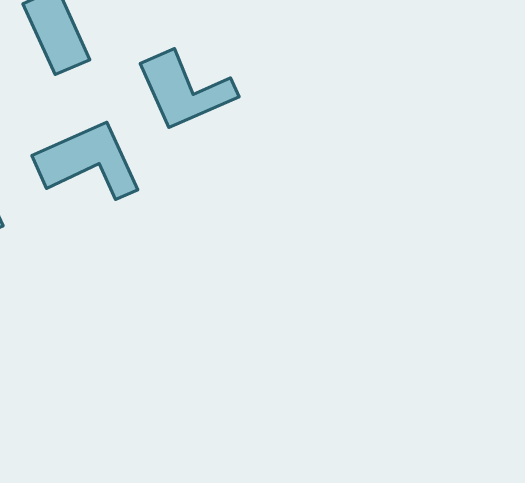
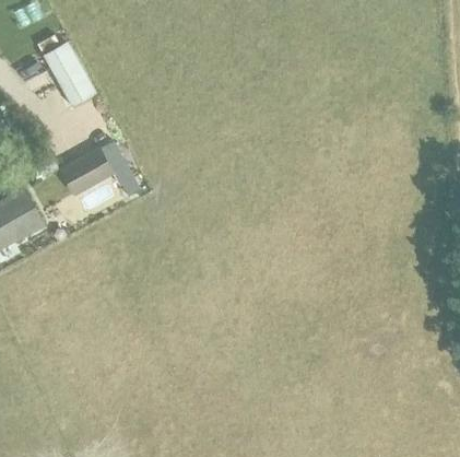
building: [140,48,239,127] -> none

